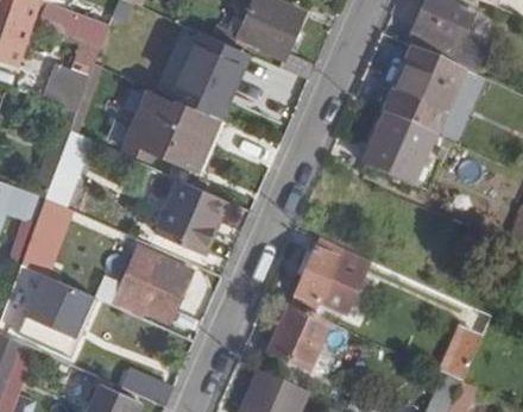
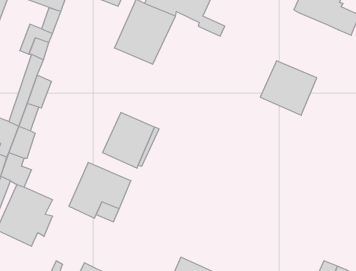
building: [383,49,464,135] -> none
building: [124,90,220,171] -> none
building: [292,237,358,311] -> none
building: [267,304,330,370] -> none
building: [437,326,481,381] -> none

